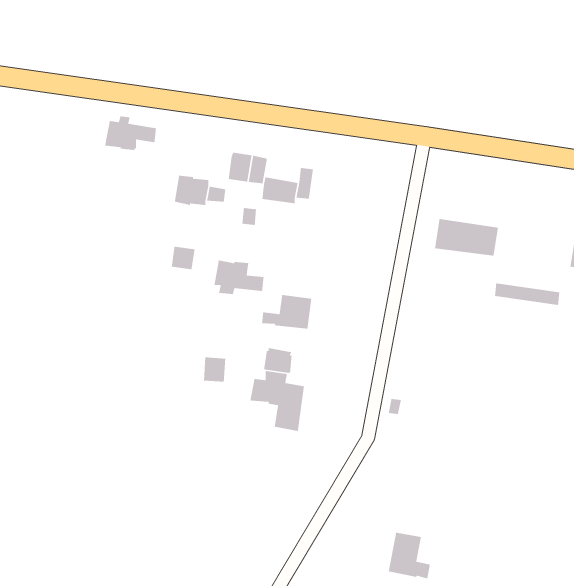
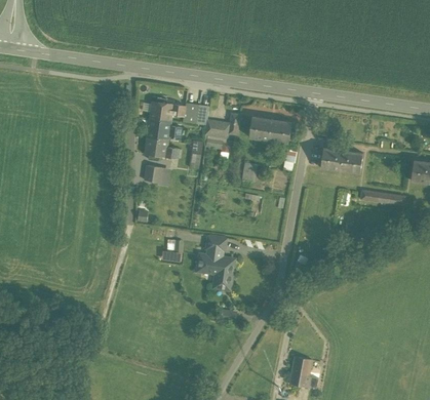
building: [104,115,157,151] -> [150,97,185,121]
building: none -> [249,116,291,143]
building: [214,260,264,295] -> [145,136,179,160]
building: [261,294,312,330] -> none

